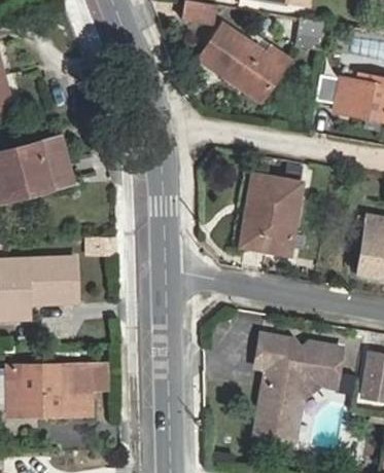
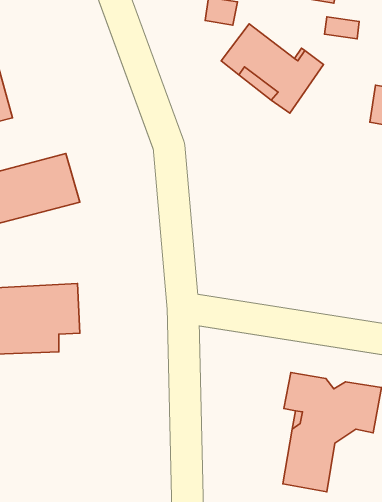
building: [245,174,303,250] -> none
building: [10,363,91,415] -> none

